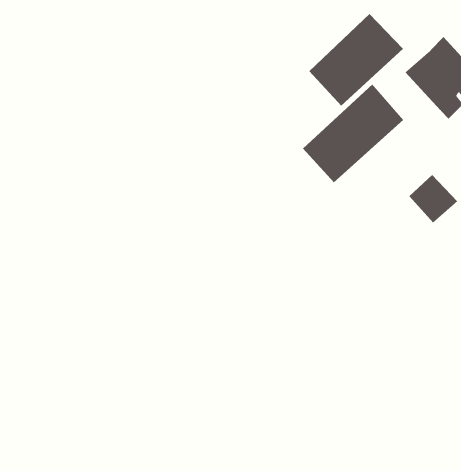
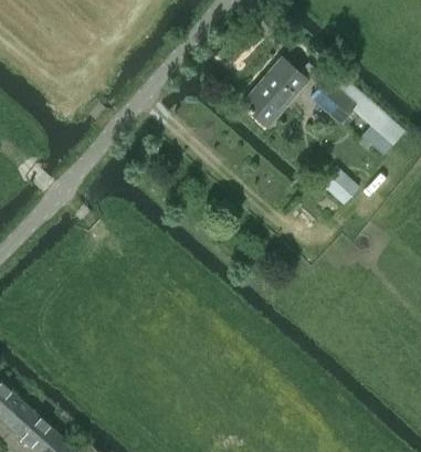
building: [302,84,404,183] -> none

